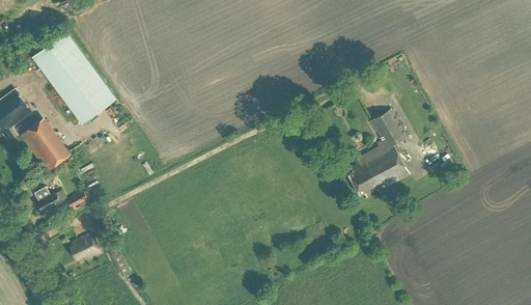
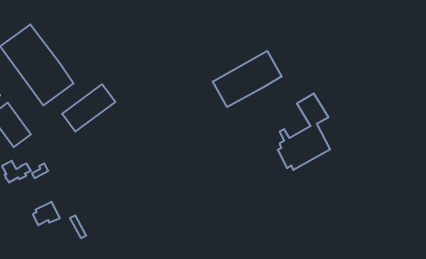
building: none -> [213,51,282,107]
building: none -> [62,84,115,132]

